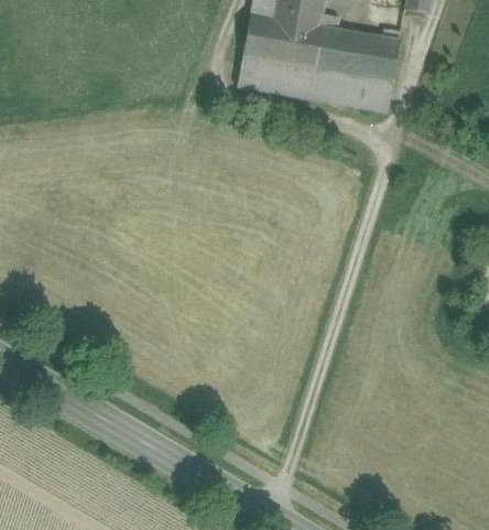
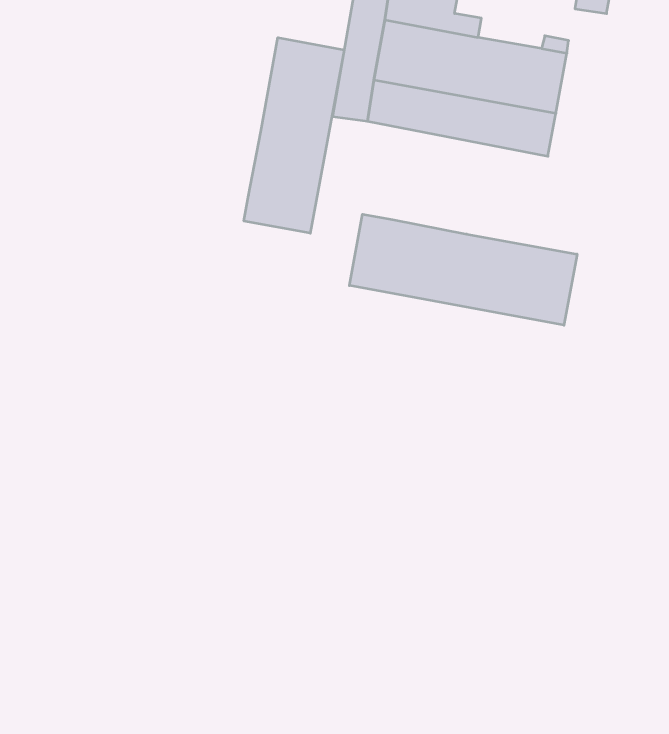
building: none -> [244,38,344,233]
building: none -> [349,214,577,325]

